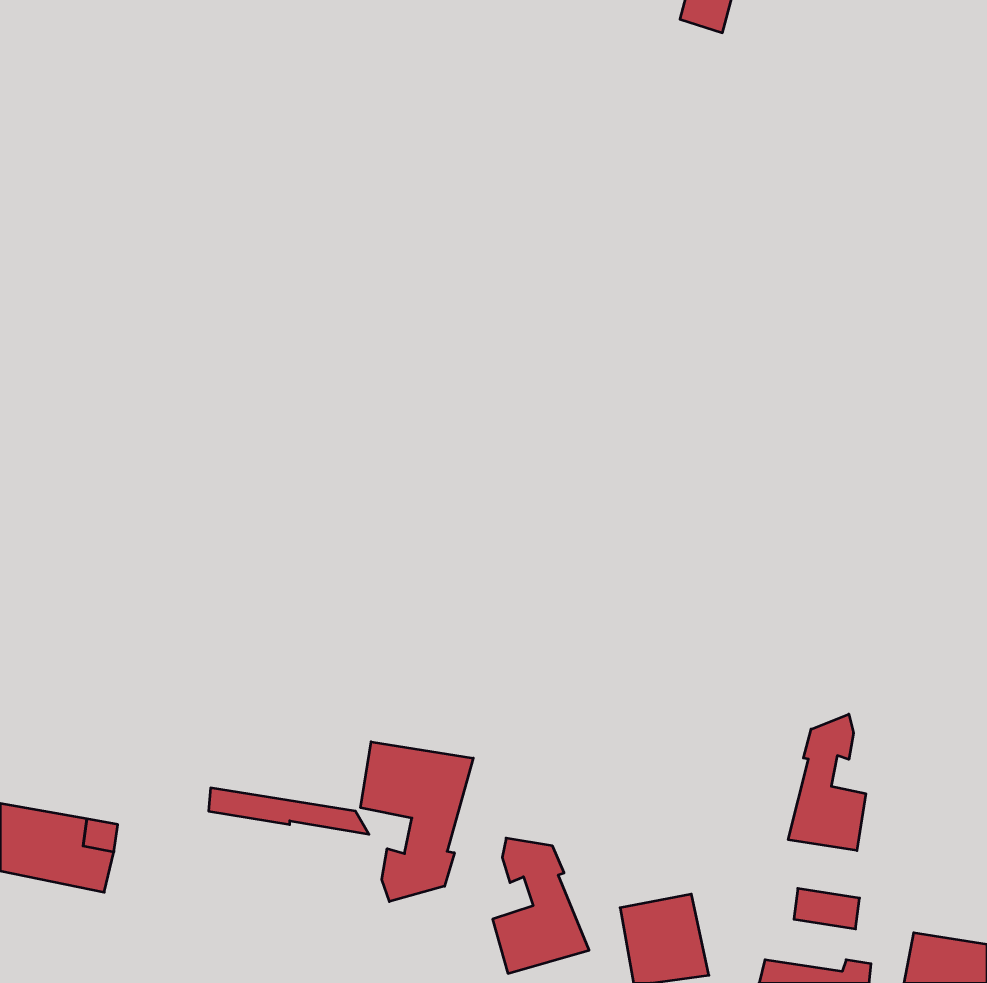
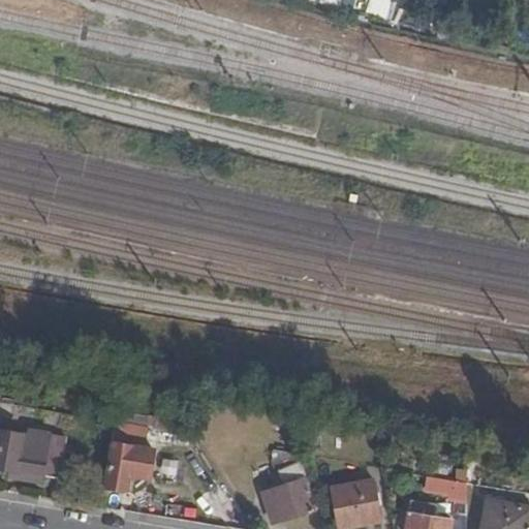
building: [788,714,866,851] -> none
building: [361,742,473,902] -> none
building: none -> [105,443,152,488]

